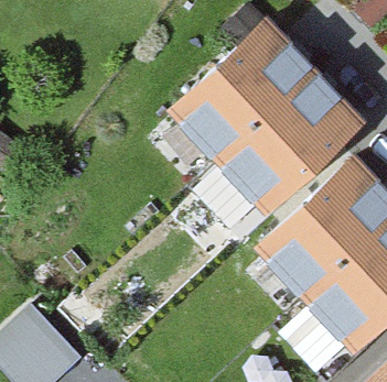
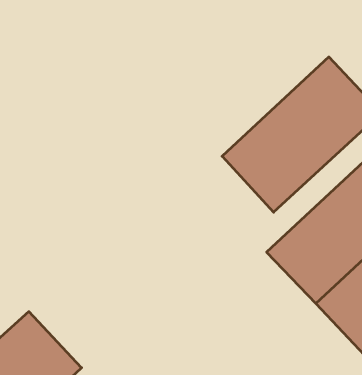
building: [169,20,315,162] -> none

